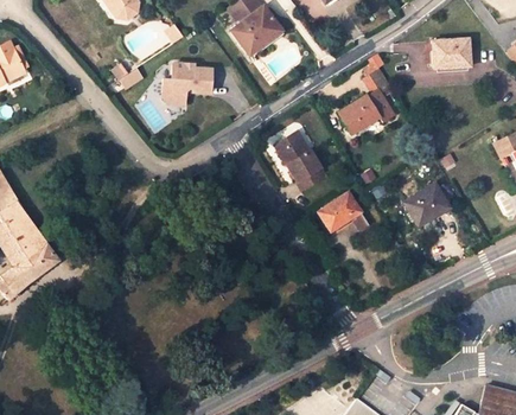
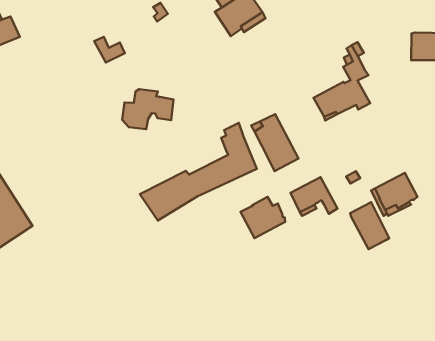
building: [161,60,212,101] -> [122,89,174,129]
building: none -> [140,123,257,220]
building: none -> [350,202,389,249]
building: none -> [241,197,285,238]

